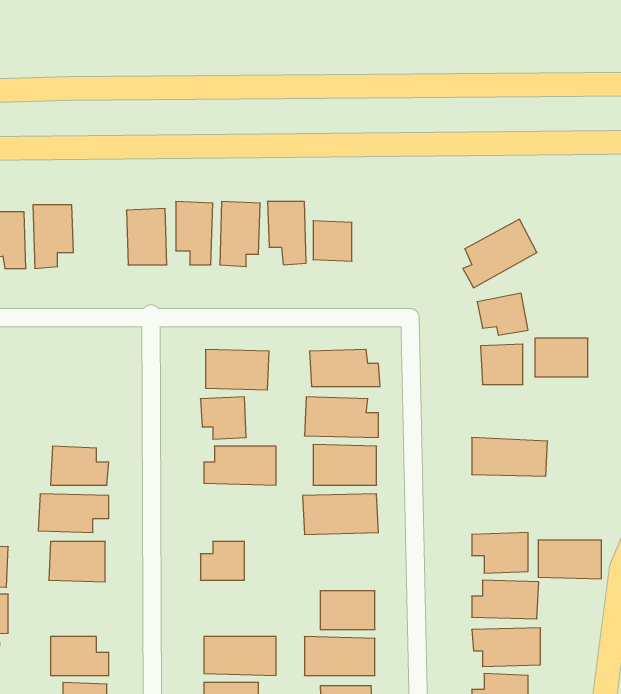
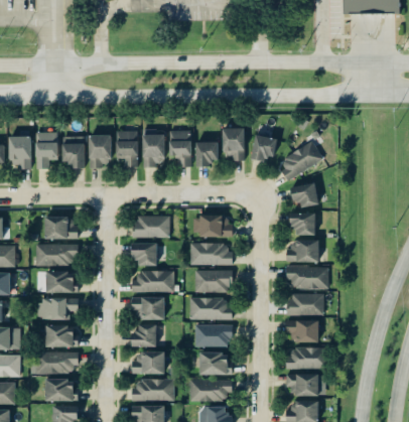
building: none -> [222,127,245,160]
building: none -> [251,133,275,162]
building: none -> [62,135,85,167]
building: [535,338,588,377] -> [288,240,318,262]
building: none -> [44,216,77,239]
building: none -> [36,243,77,266]
building: none -> [133,296,165,319]
building: [538,540,601,579] -> [288,293,324,315]
building: none -> [195,324,232,346]
building: none -> [32,351,78,374]
building: none -> [133,351,164,374]

